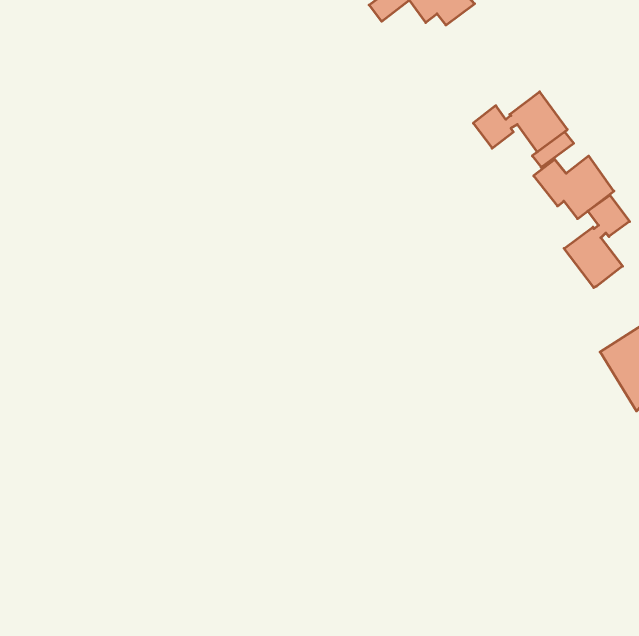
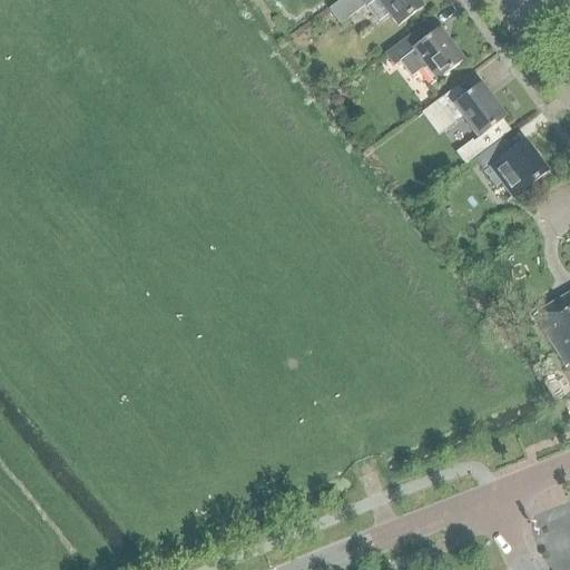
building: none -> [386,26,463,77]
building: [564,195,630,288] -> none

